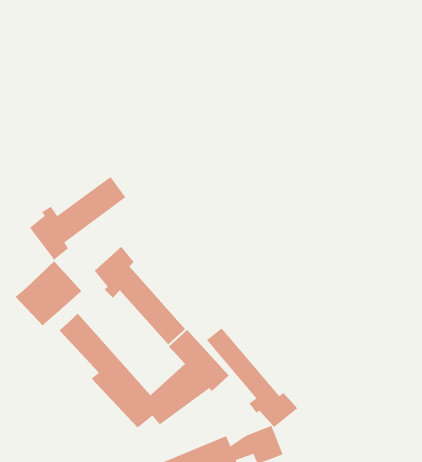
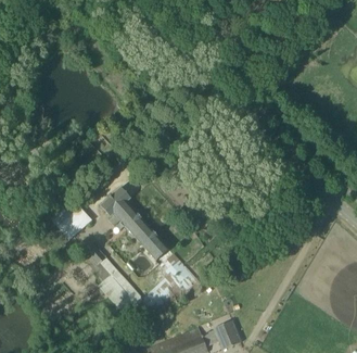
building: [29,176,126,261] -> none
building: [206,328,298,428] -> none

